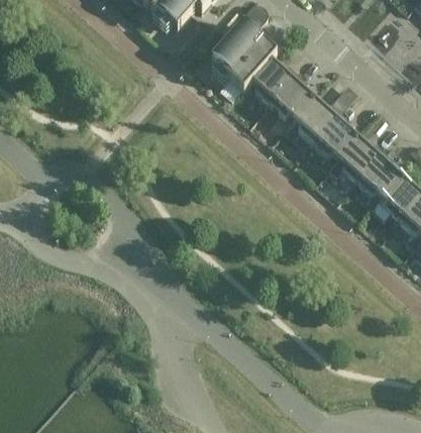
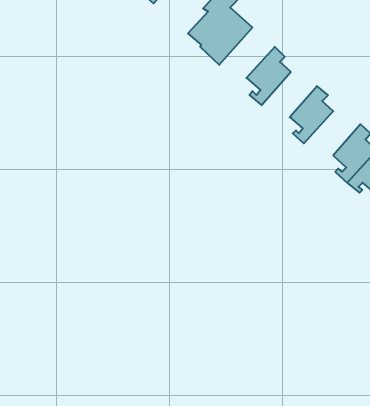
building: [239,51,296,102] -> none
building: [283,96,338,141] -> none
building: [325,135,382,180] -> none

